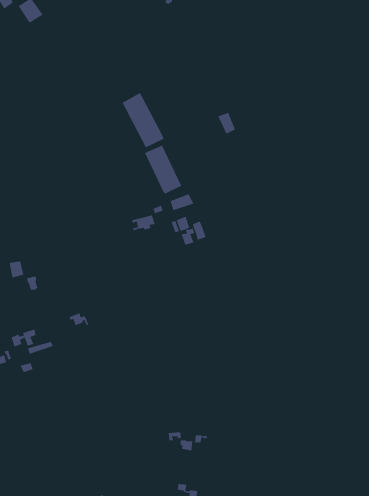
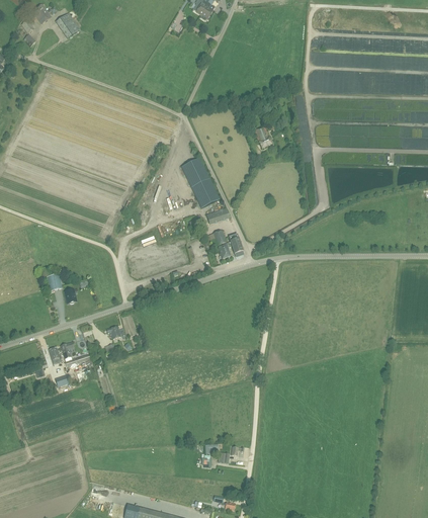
building: [122,92,164,149] -> none

